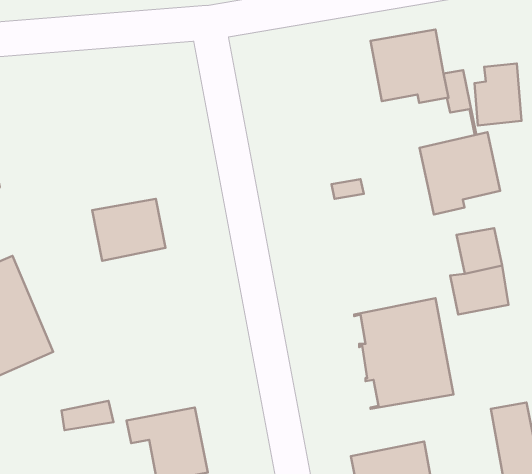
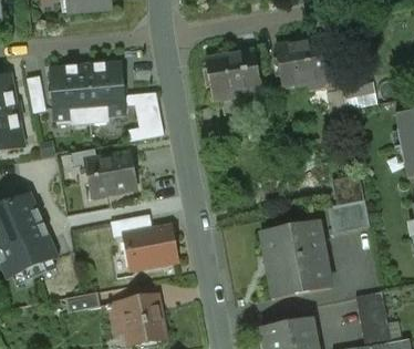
building: none -> [205,50,259,100]
building: none -> [50,61,165,141]
building: [419,132,500,215] -> none
building: none -> [112,213,177,269]

